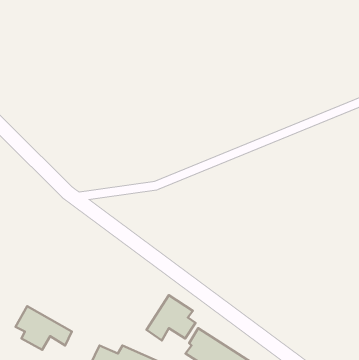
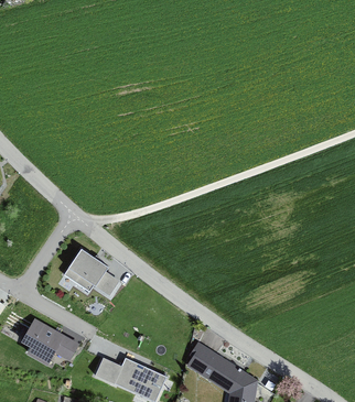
building: none -> [64,249,120,296]
building: [147,295,195,340] -> none

